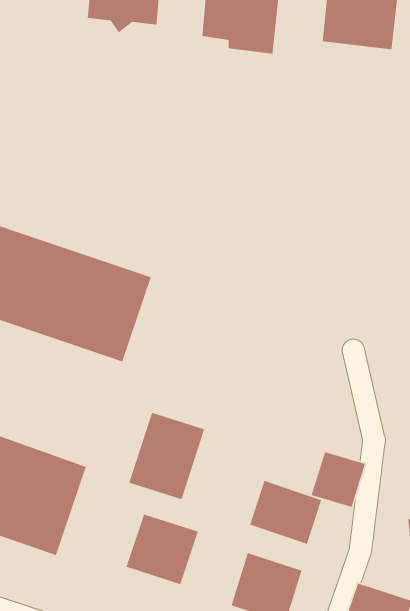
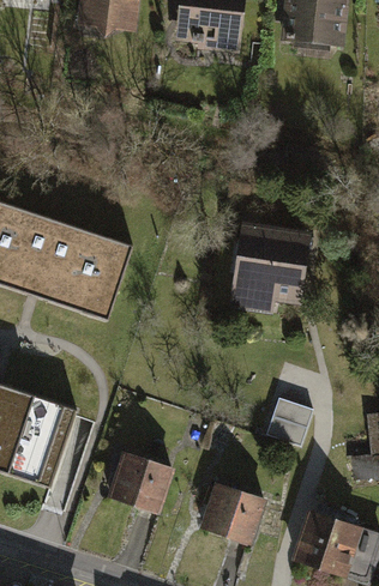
building: none -> [229,218,312,312]
building: [128,412,205,500] -> none
building: [249,480,322,545] -> none

